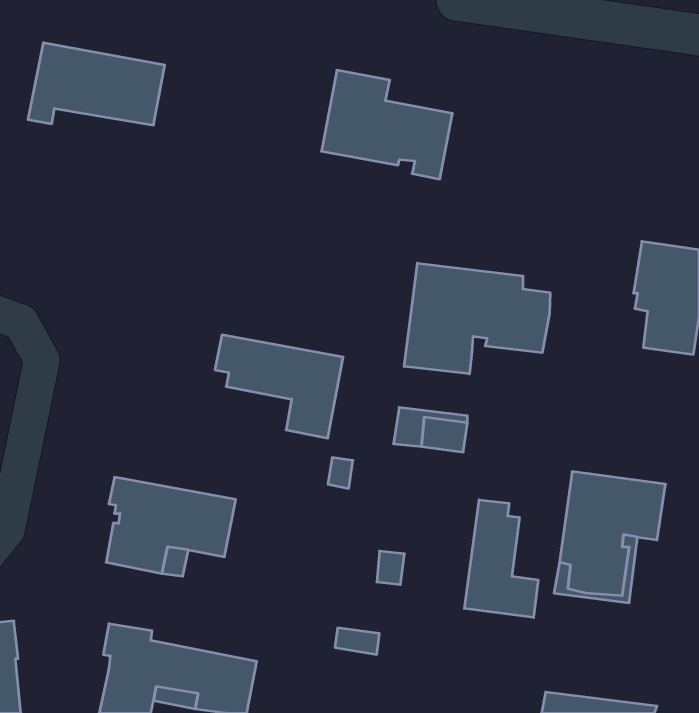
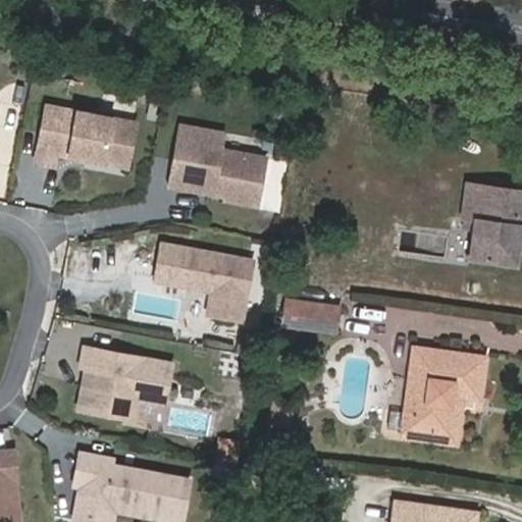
building: [28,43,165,125] -> [35,105,135,165]
building: [321,70,453,179] -> [170,125,266,205]
building: [404,263,550,374] -> none
building: [464,500,538,618] -> none

